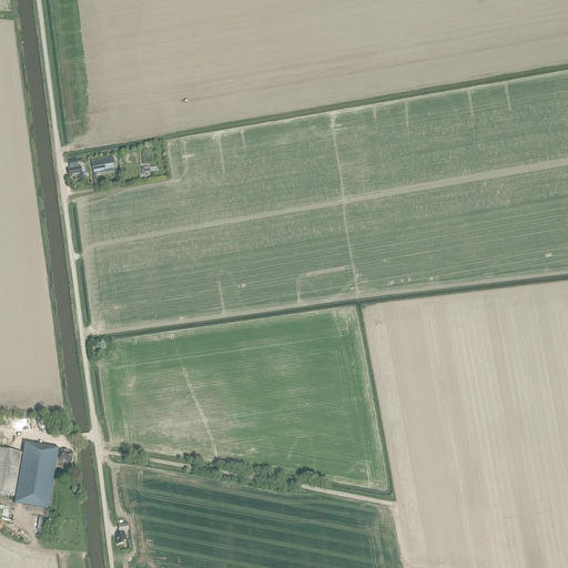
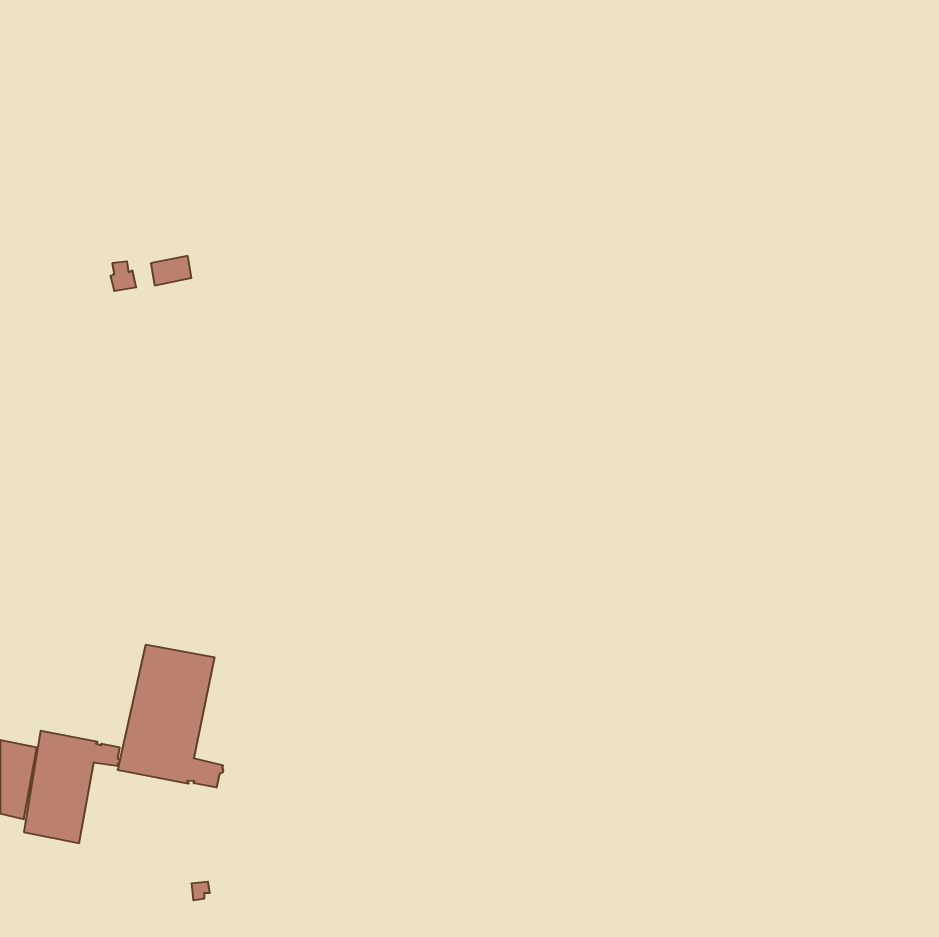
building: none -> [118,645,223,788]

